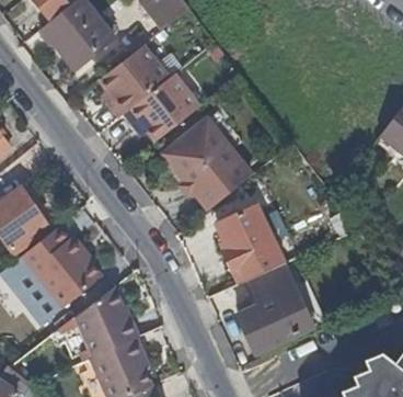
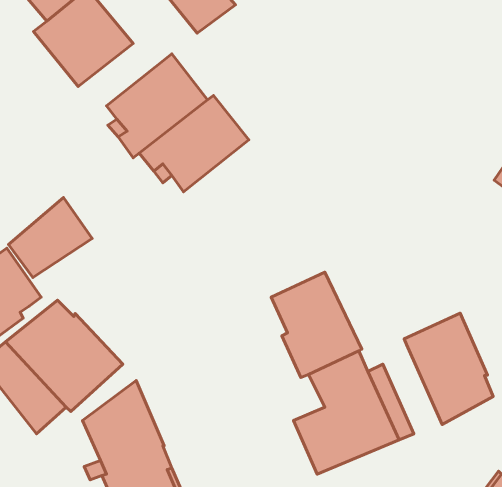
building: [164,122,251,211] -> none
building: none -> [8,197,92,278]
building: none -> [404,313,493,425]

